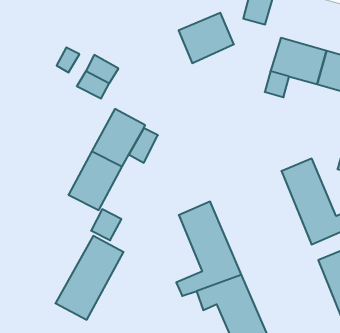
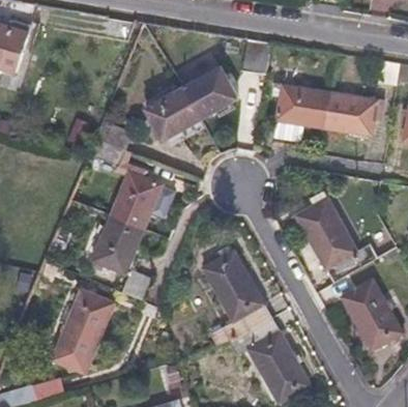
building: none -> [146,89,199,139]
building: [55,236,124,320] -> [52,290,112,372]

